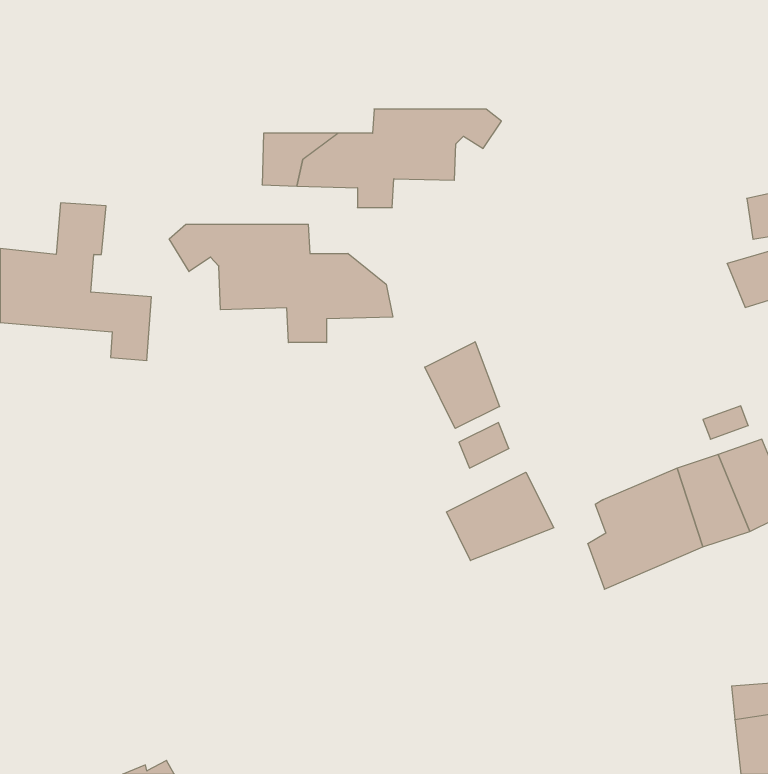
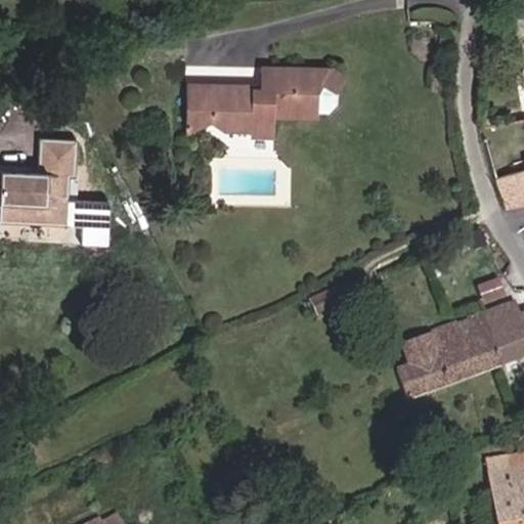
building: [169,224,393,343] -> none
building: [425,342,500,428] -> none
building: [446,472,554,561] -> none

